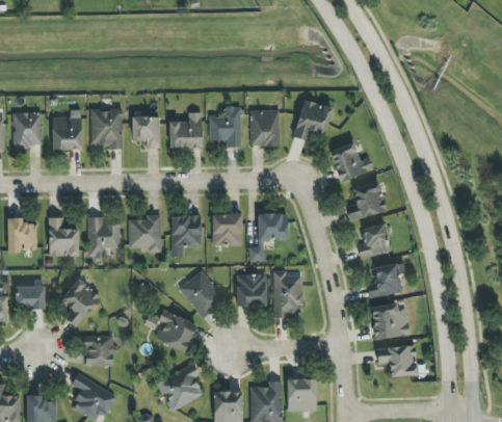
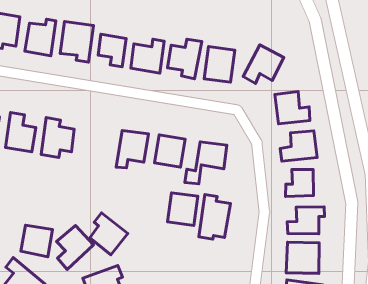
building: [128,214,161,252] -> none
building: [179,270,224,317] -> none
building: [60,279,101,327] -> [56,226,93,269]

